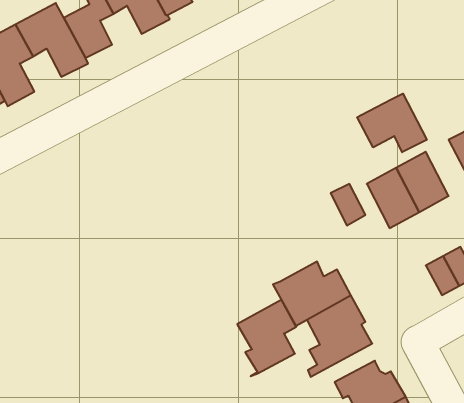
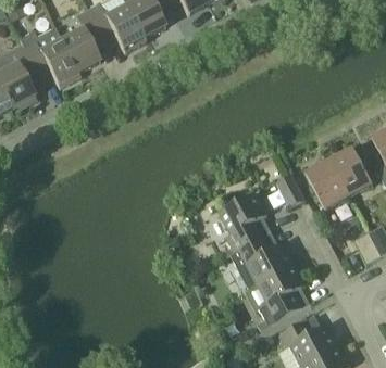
building: [357,94,427,152] -> none
building: [237,300,296,376] -> [219,194,266,256]

